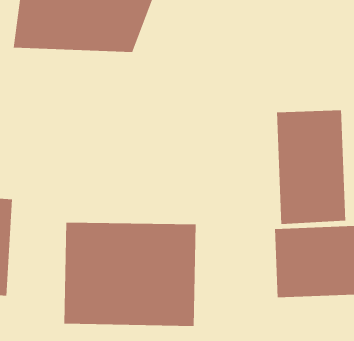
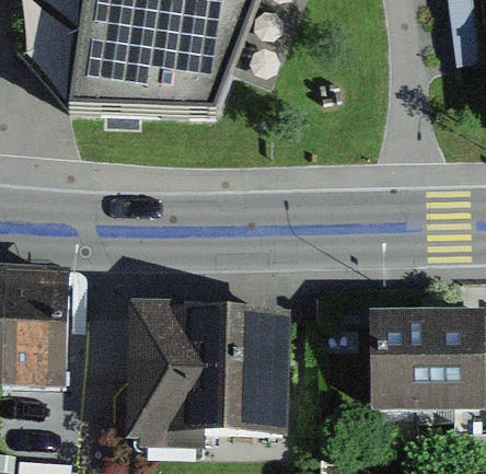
building: [276,109,346,225] -> none

